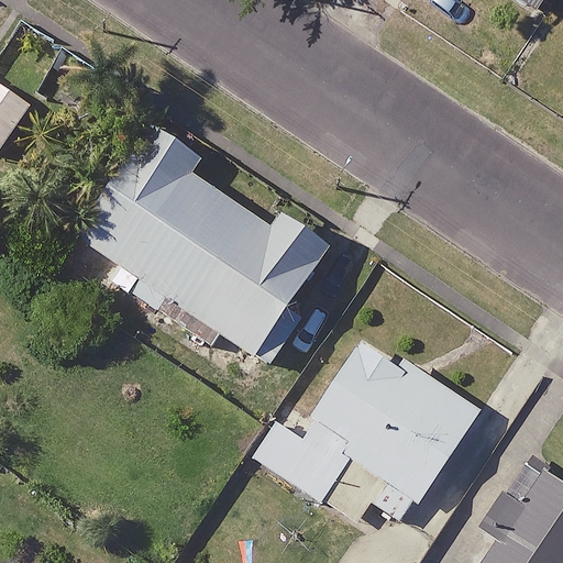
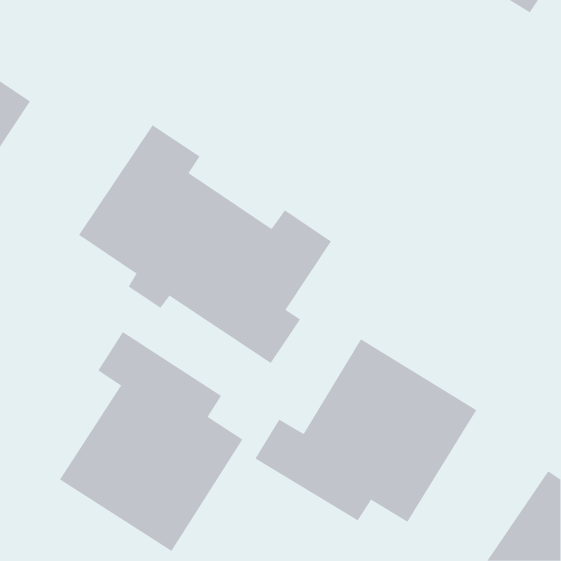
building: none -> [59,331,243,552]

